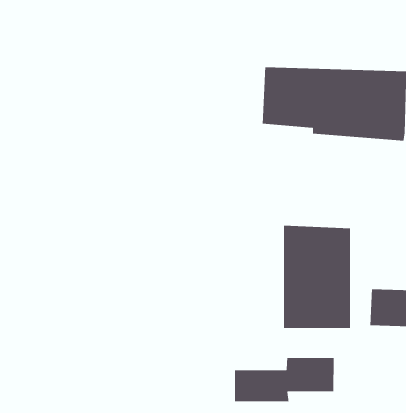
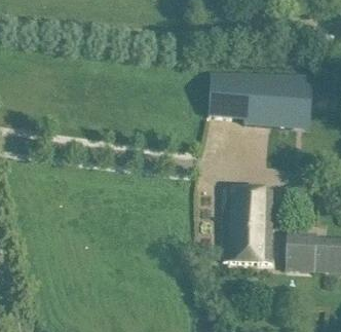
building: [234,357,334,402] -> none

